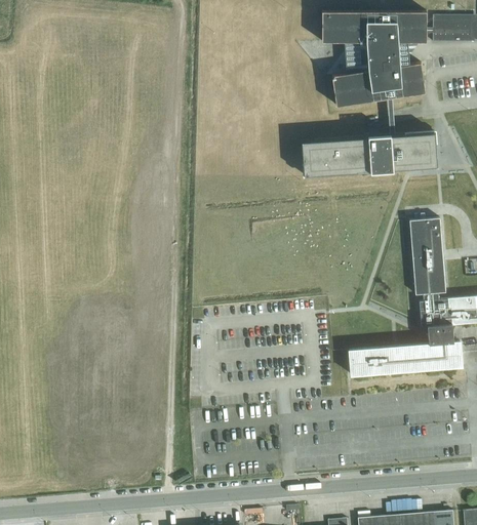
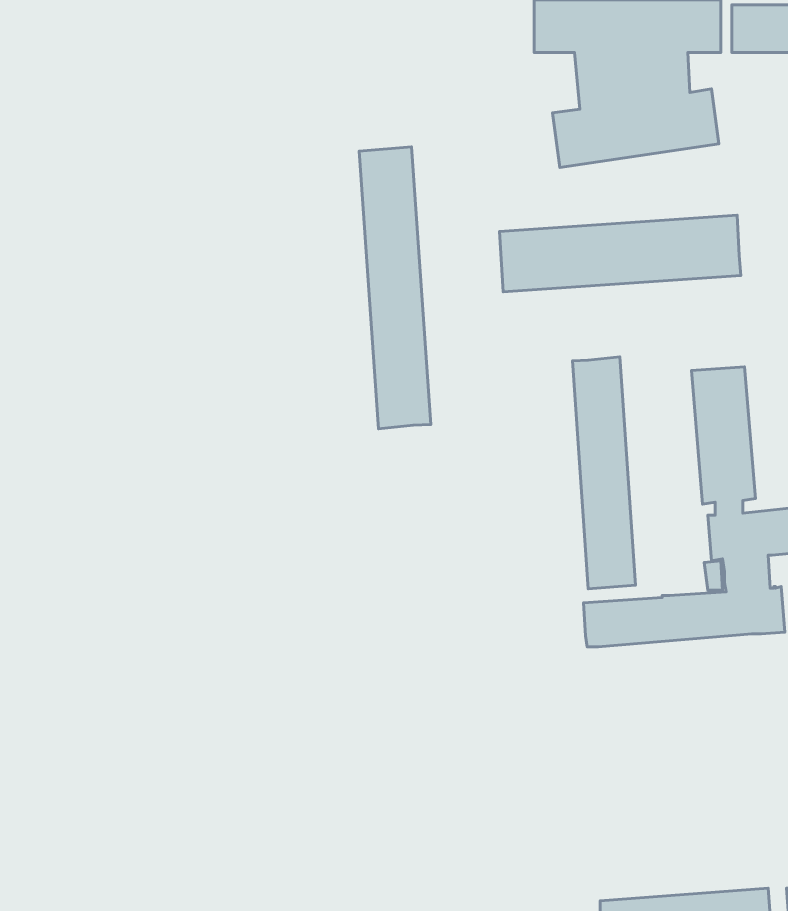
building: none -> [359,147,431,429]
building: none -> [572,357,635,589]

